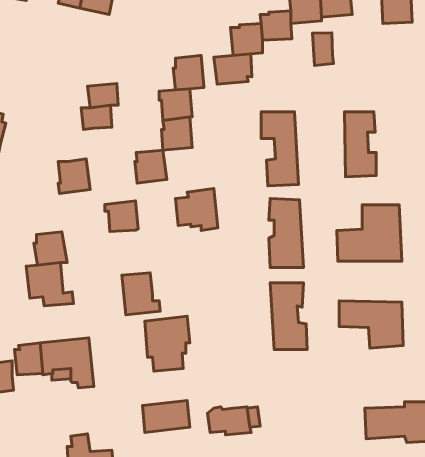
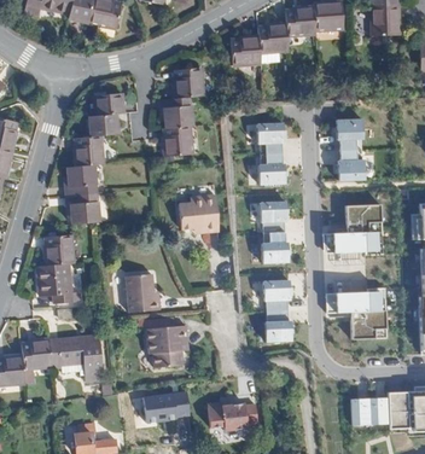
building: [313,33,333,65] -> none
building: [214,54,252,84] -> none
building: [135,150,167,183] -> [72,134,103,165]
building: [105,201,138,231] -> [66,192,98,221]

